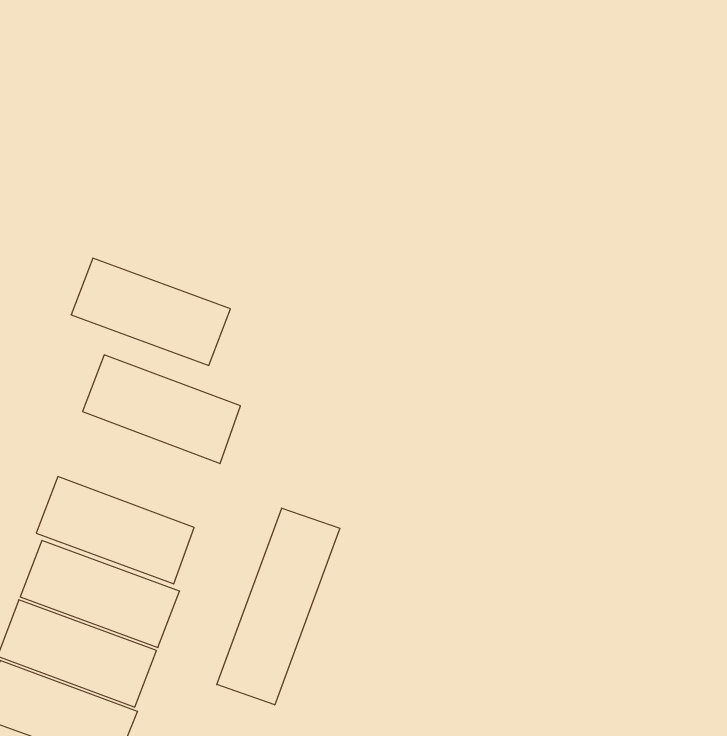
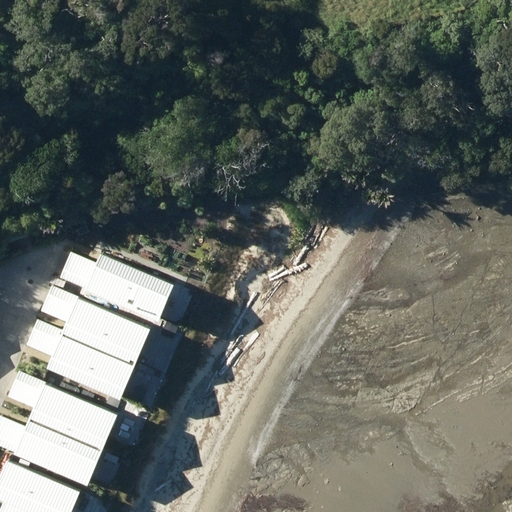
building: [71,258,230,365] -> [41,290,151,364]
building: [217,508,340,705] -> none

